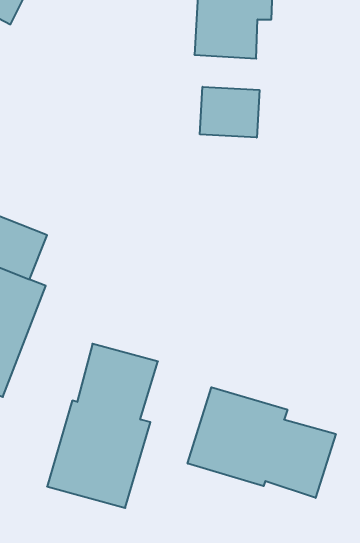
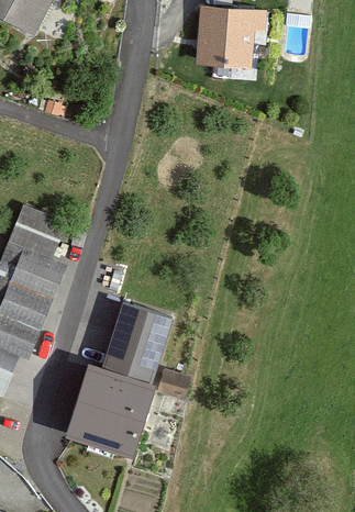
building: [200,87,259,138] -> none
building: [188,387,336,498] -> none

